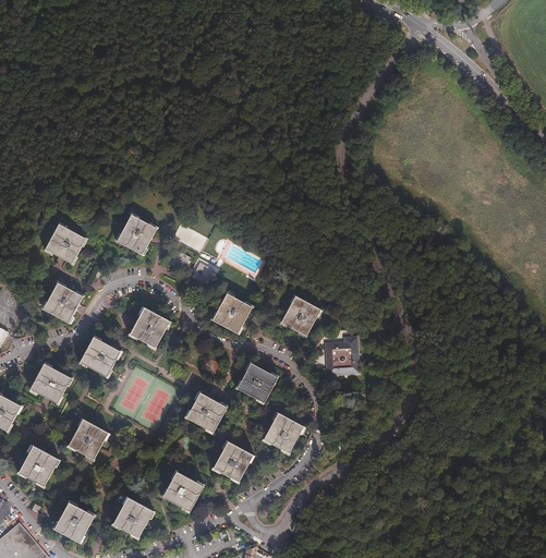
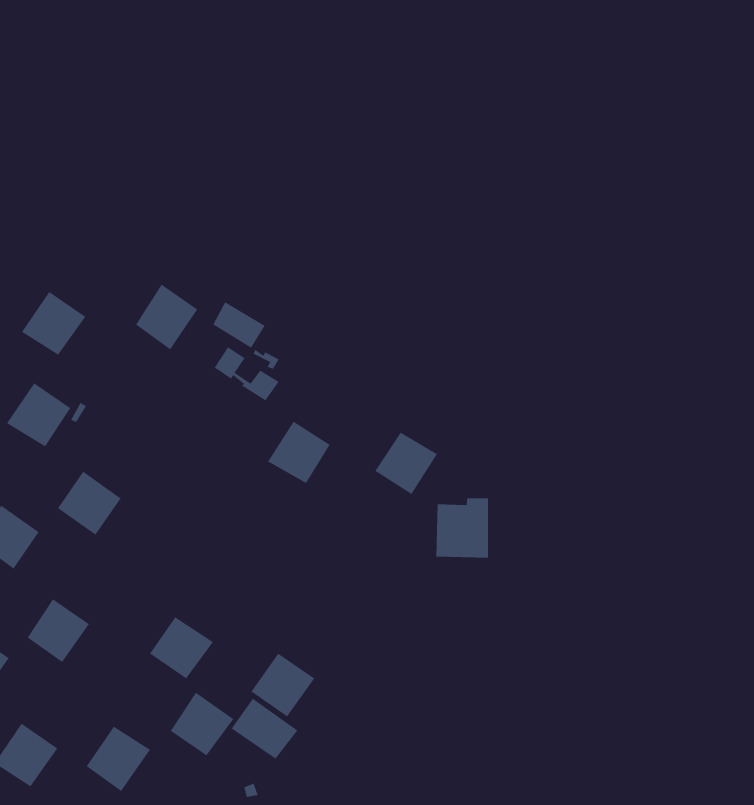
building: [130,308,170,348] -> none
building: [236,362,277,402] -> none
building: [186,392,227,432] -> [149,616,214,679]
building: [264,413,303,452] -> none
building: none -> [231,698,298,760]

